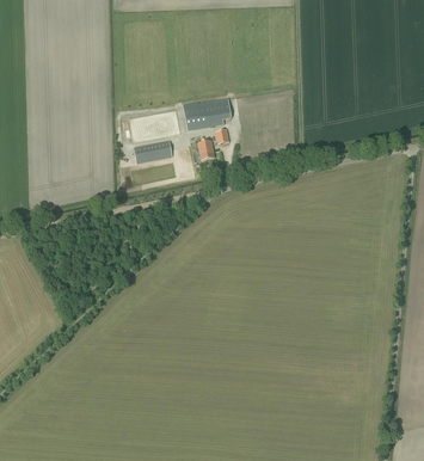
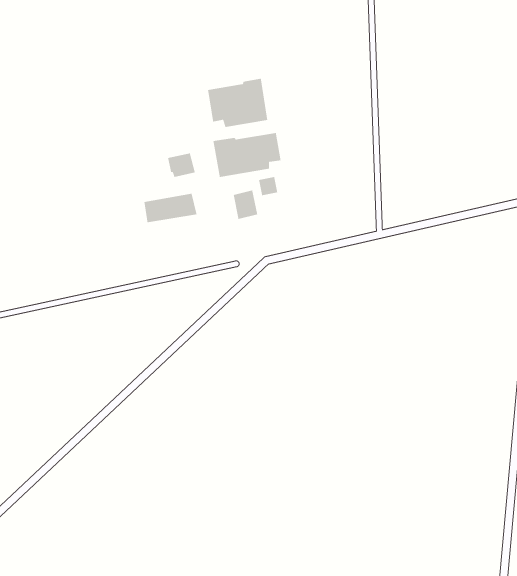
building: none -> [207,78,268,128]

